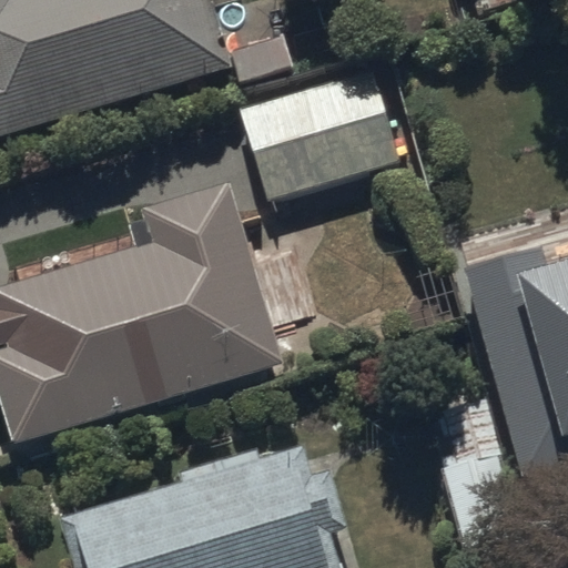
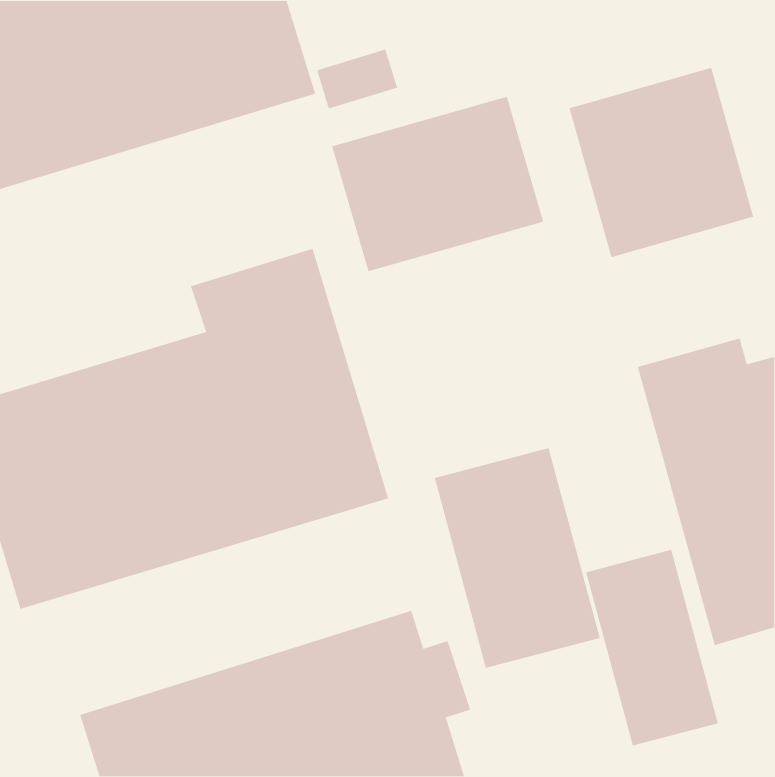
building: none -> [568,67,754,258]
building: none -> [434,447,601,669]

